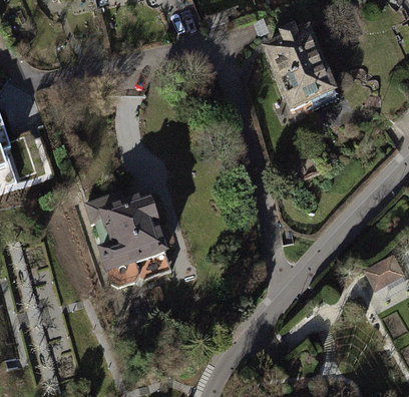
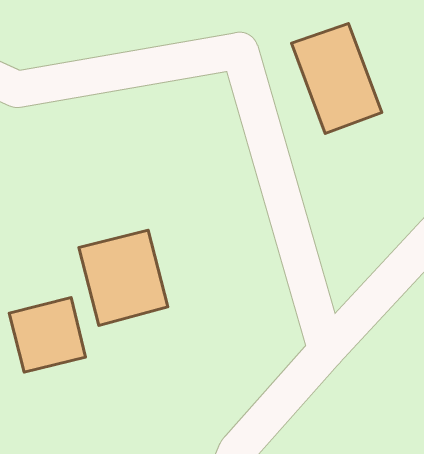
building: none -> [9,298,85,372]

